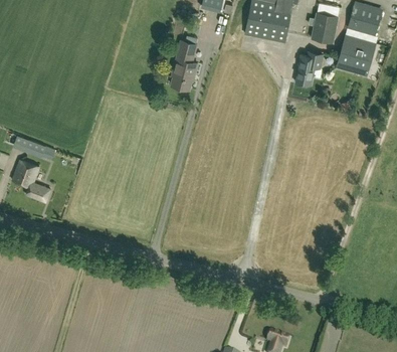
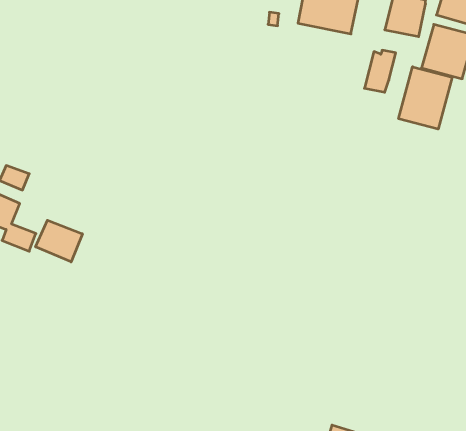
building: [171,40,197,90] -> none
building: none -> [399,67,452,129]
building: none -> [36,220,82,262]

